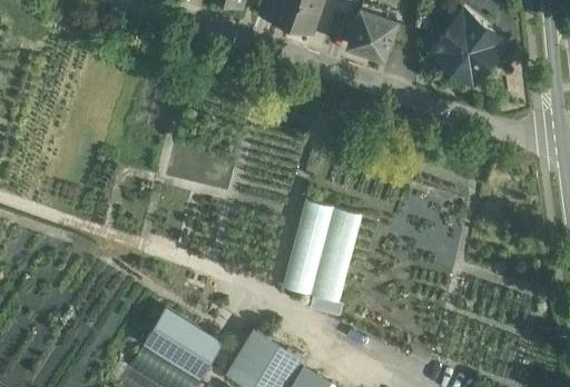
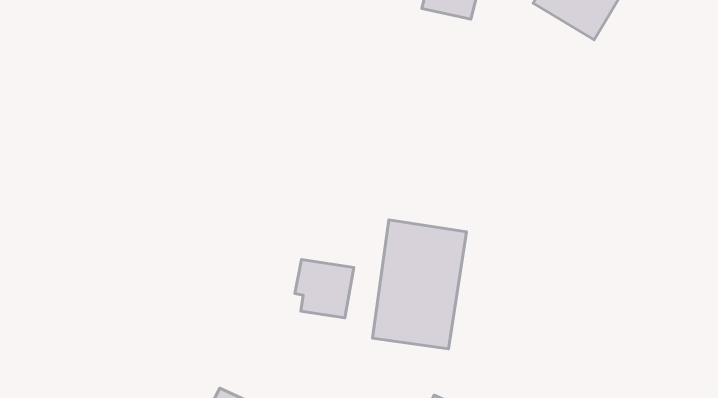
building: none -> [295,259,354,318]

